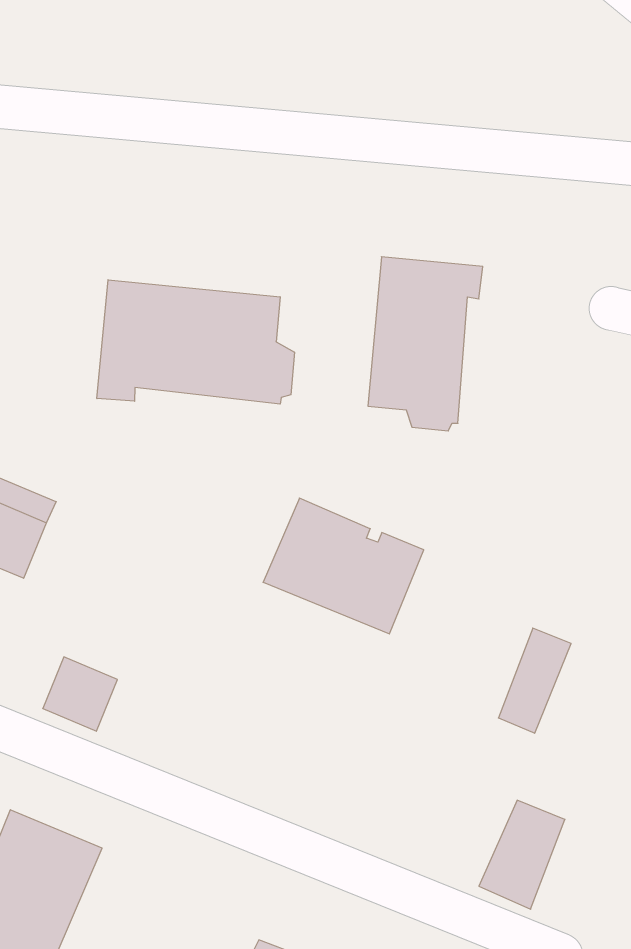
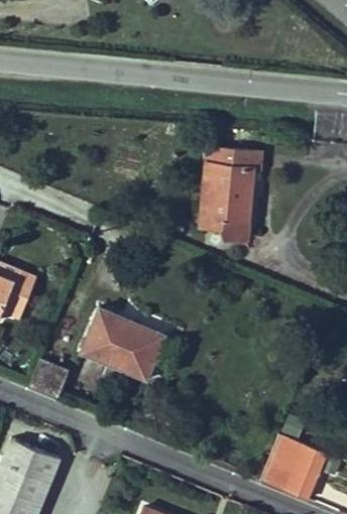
building: [97,280,294,404] -> none
building: [263,498,424,634] -> [81,307,165,379]
building: [498,628,571,733] -> [286,444,325,500]

